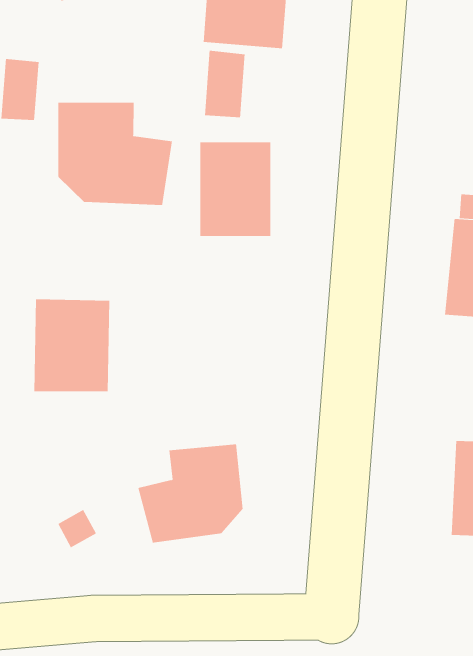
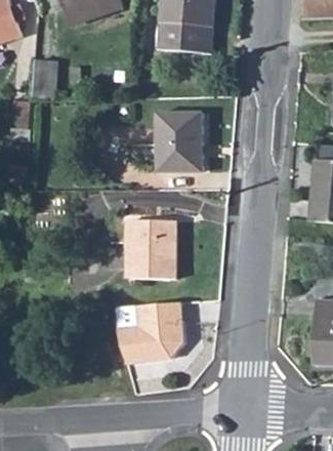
building: [204,50,245,118] -> none
building: [58,102,172,206] -> none
building: [33,299,110,392] -> [128,219,176,278]

